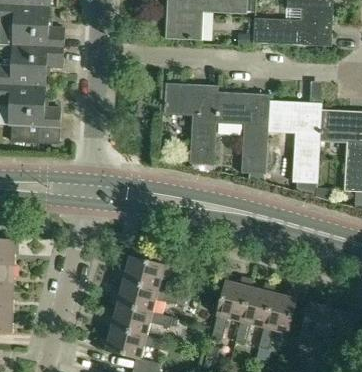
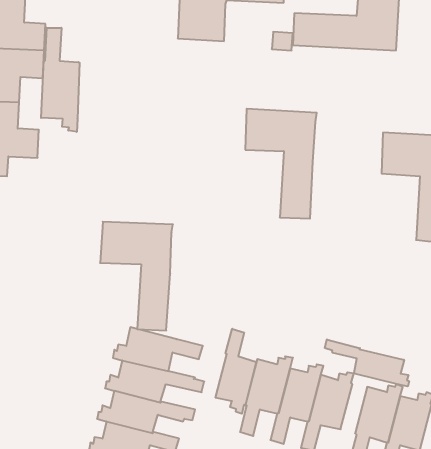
building: none -> [41,28,80,132]
building: [163,83,218,165] -> [100,222,173,330]
building: [267,101,321,182] -> none
building: none -> [216,329,256,414]
building: none -> [325,339,409,386]

